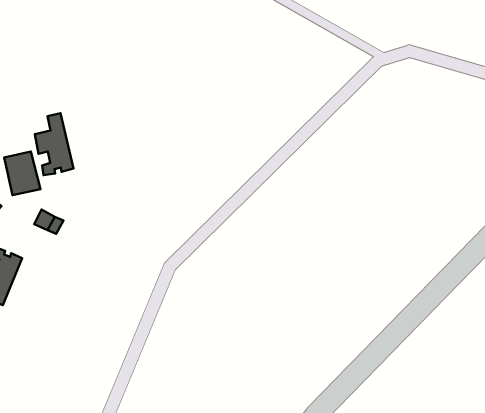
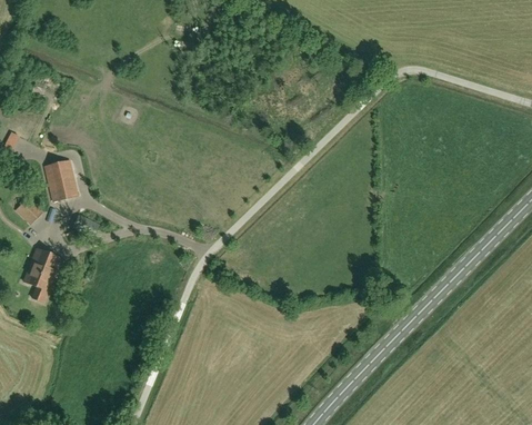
building: [35,113,73,175] -> none

